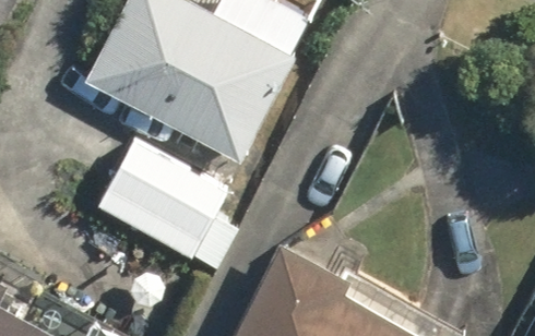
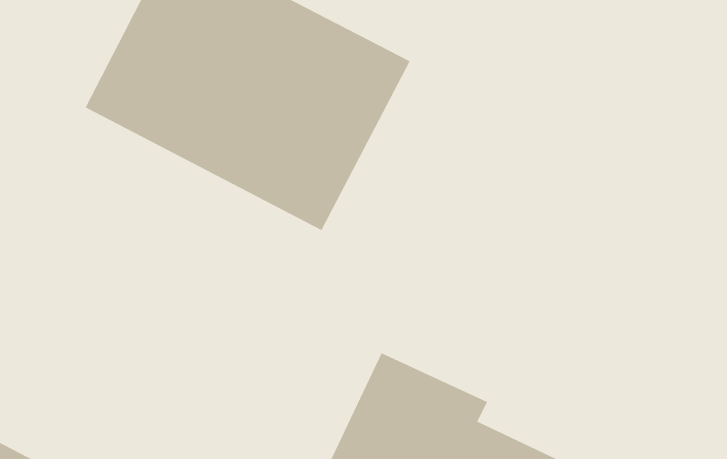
building: [100,140,226,245] -> none

